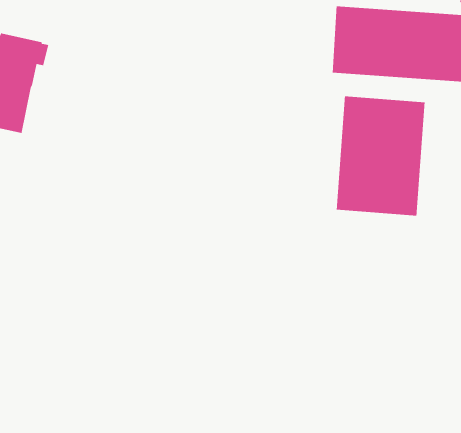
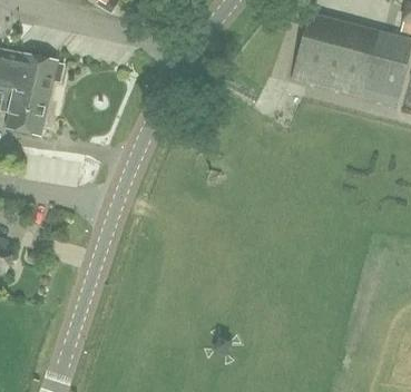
building: [336,95,425,217] -> none

